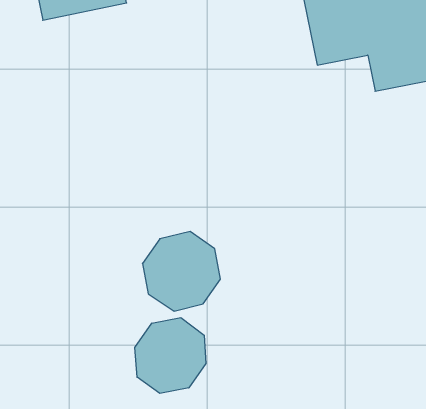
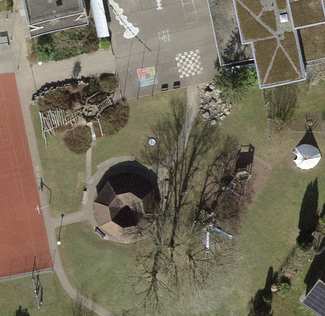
building: [135,318,206,393] -> none

